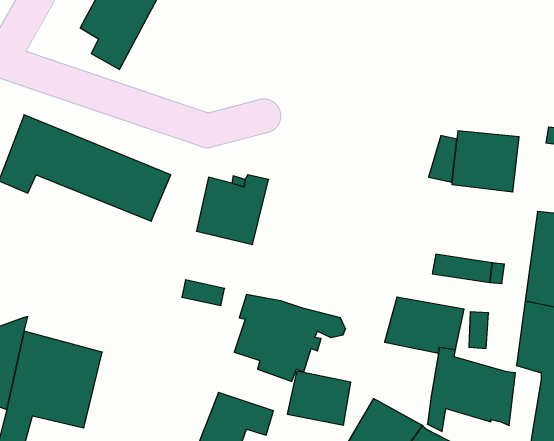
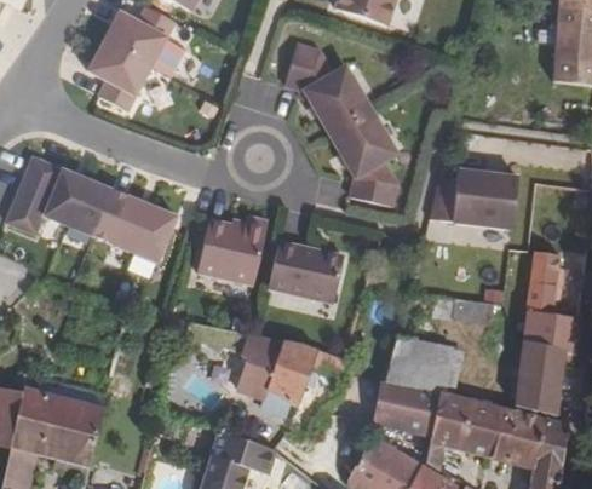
building: none -> [281,48,397,207]
building: none -> [270,241,346,304]
building: [287,371,351,425] -> [377,381,439,435]
building: none -> [510,412,541,470]

